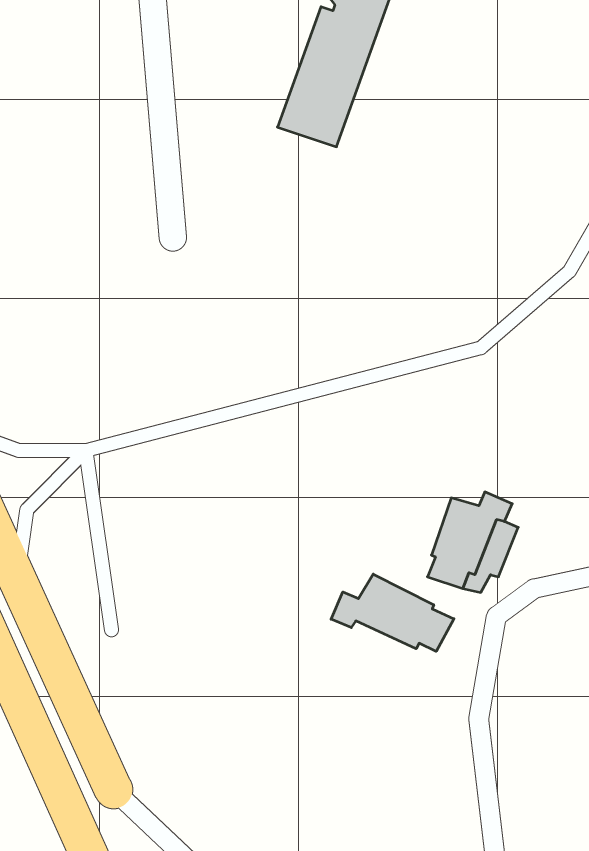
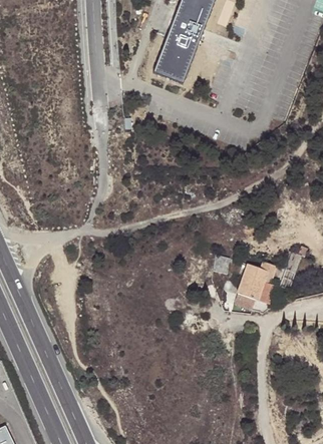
building: [331,574,454,651] -> none

